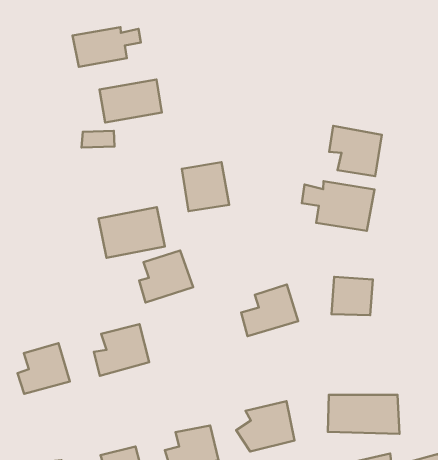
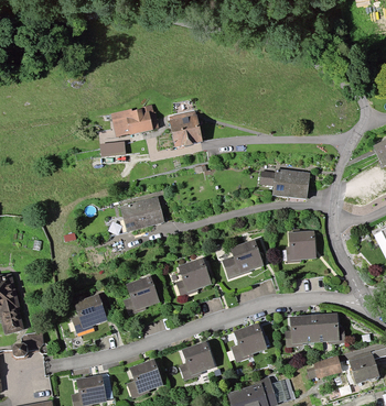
building: [72,27,141,67] -> none
building: [329,126,382,176] -> none
building: [182,162,229,211] -> [169,109,204,145]
building: [139,251,193,303] -> [174,257,213,296]

